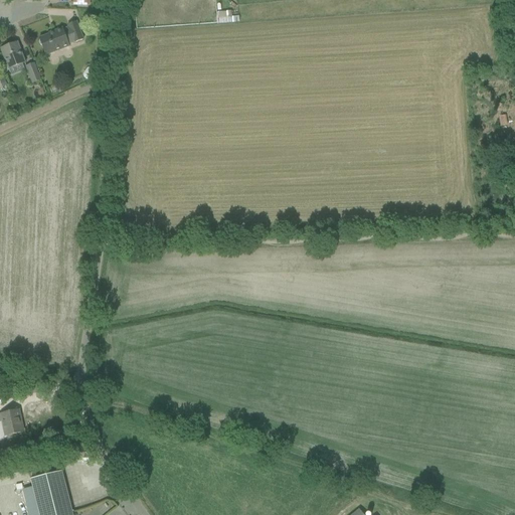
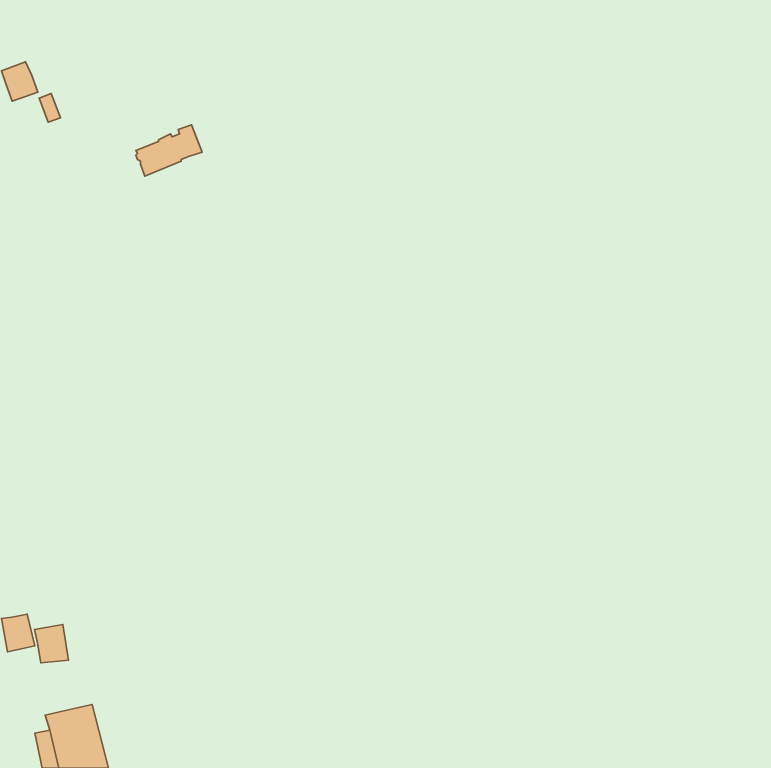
building: [39,20,83,54] -> [136,125,202,176]
building: none -> [35,625,69,663]

